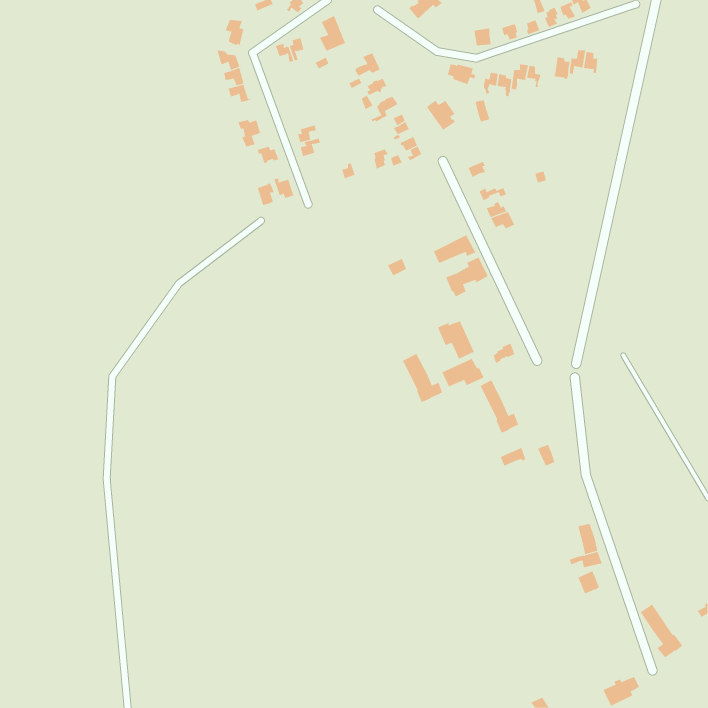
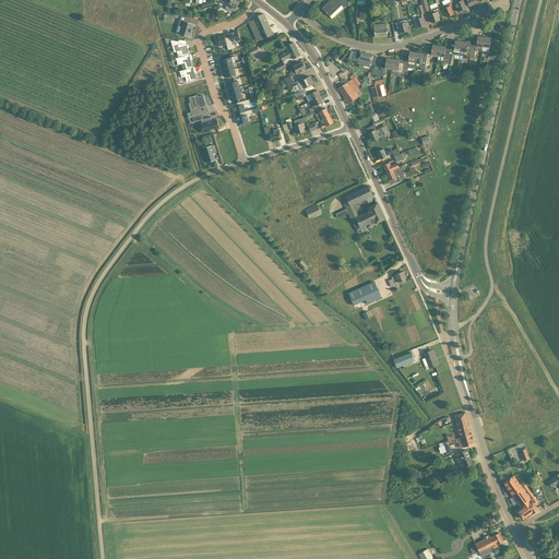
building: [437,321,474,359] -> none
building: [402,353,443,403] -> none
building: [480,379,519,433] -> none

